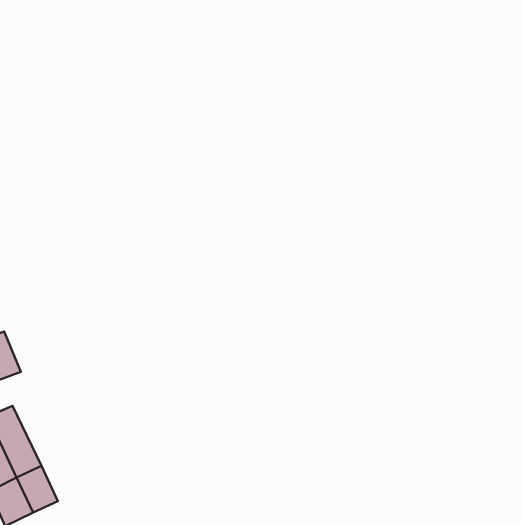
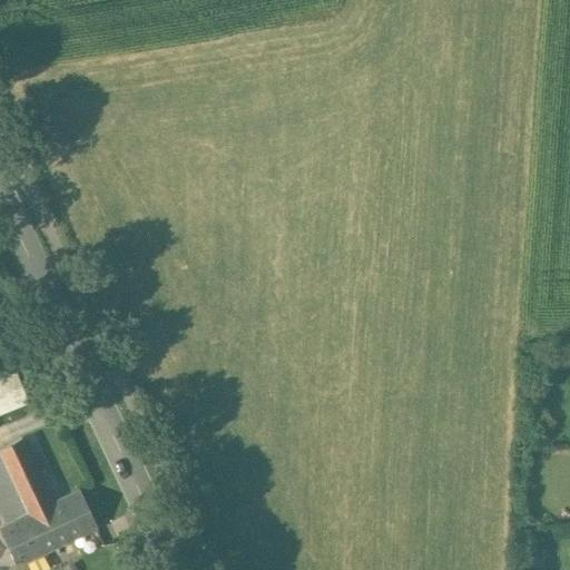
building: none -> [45,493,88,543]

